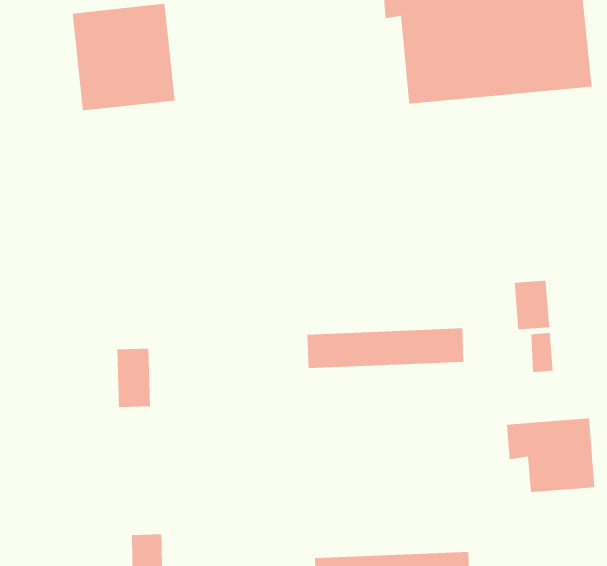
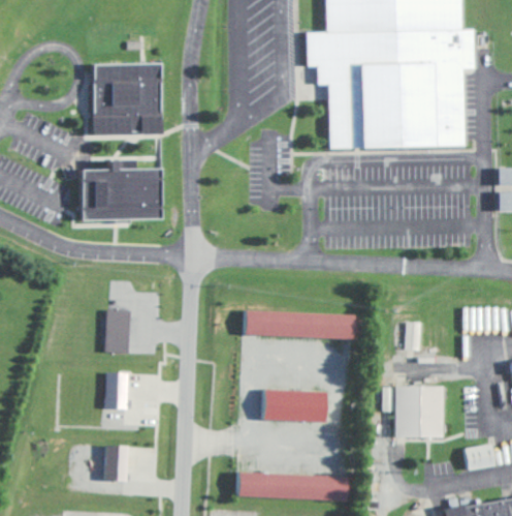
building: none -> [83,159,163,220]
building: [514,280,550,330] -> none
building: none -> [103,373,127,409]
building: none -> [265,390,327,422]

